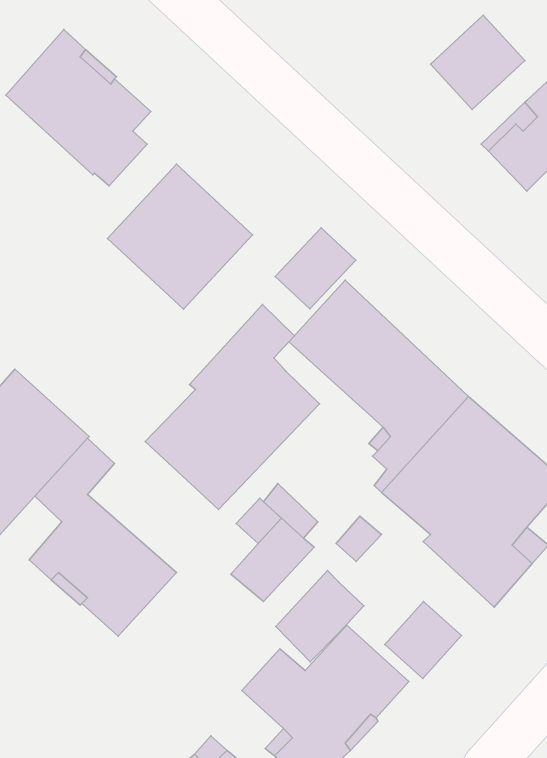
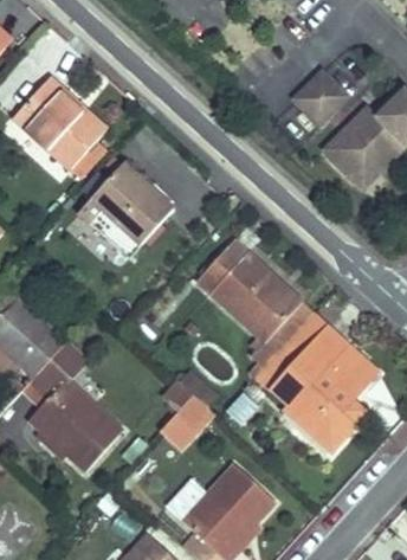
building: [275,228,356,309] -> none
building: [145,305,319,510] -> none
building: [276,571,364,662] -> none
building: [385,602,462,679] -> none

